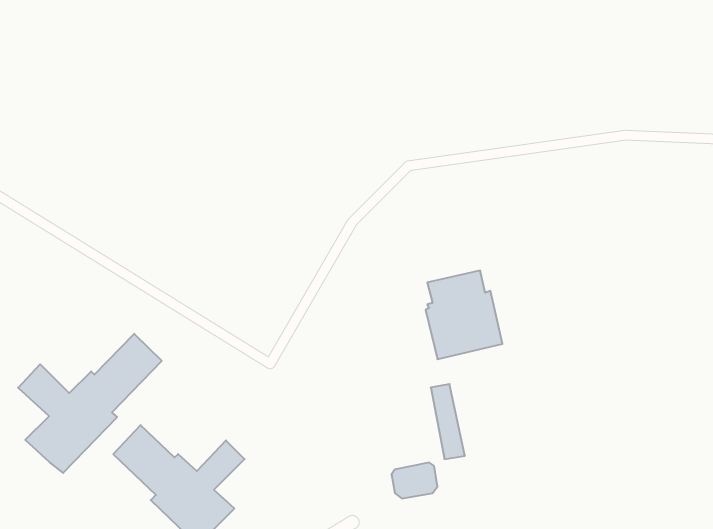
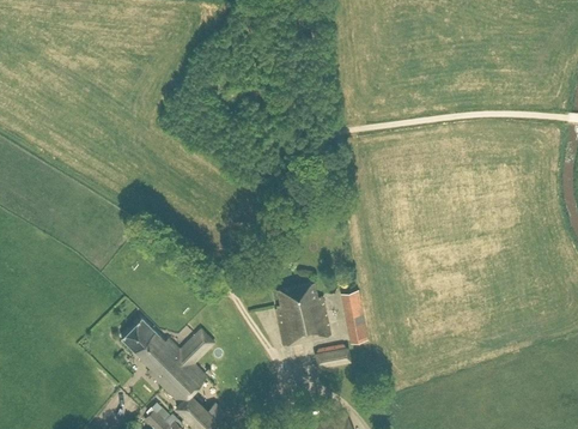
building: [426,271,502,359] -> [275,282,329,344]
building: [18,334,162,473] -> none

